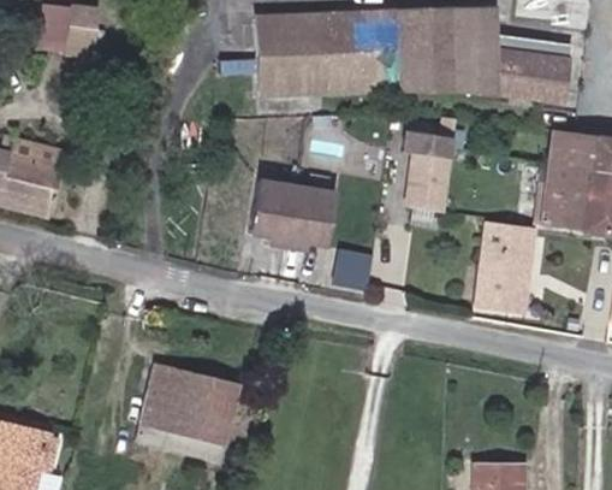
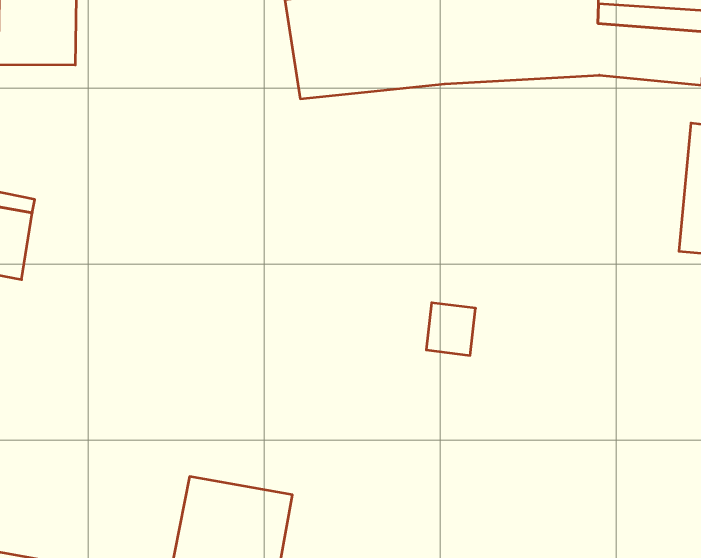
building: [402,112,451,209] -> none
building: [254,177,339,248] -> none
building: [473,225,528,309] -> none

